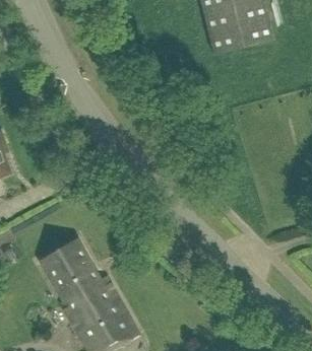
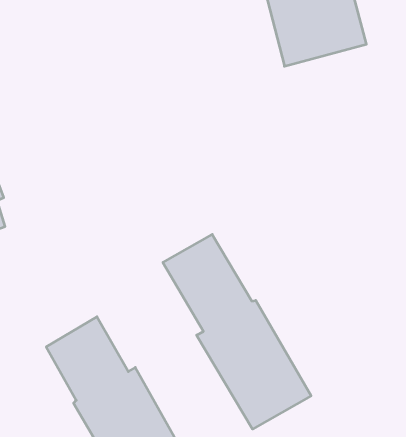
building: none -> [163,234,311,429]

